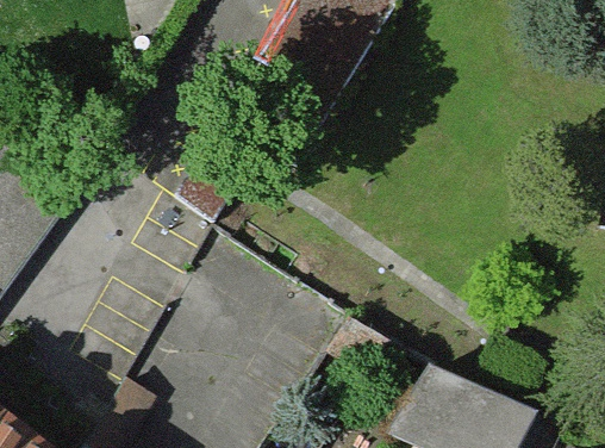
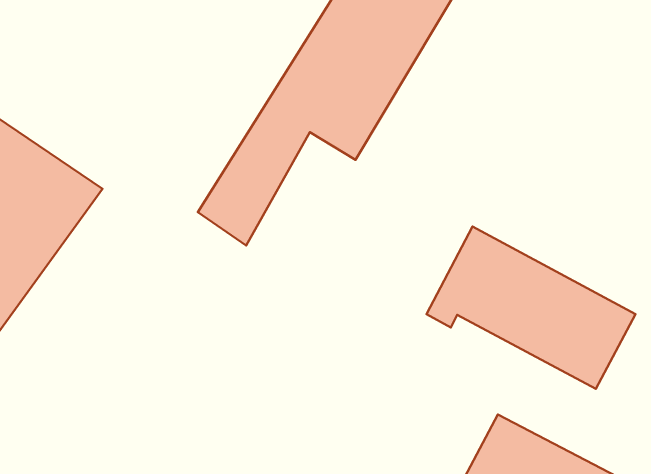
building: none -> [426,227,635,389]

